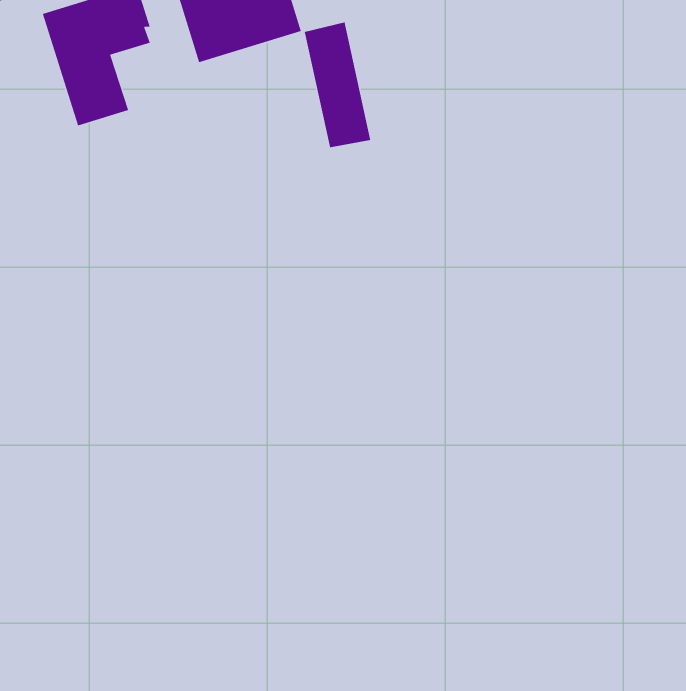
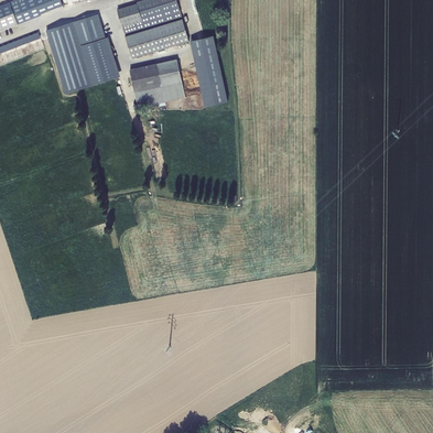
building: none -> [83,36,119,84]
building: none -> [129,58,185,106]

